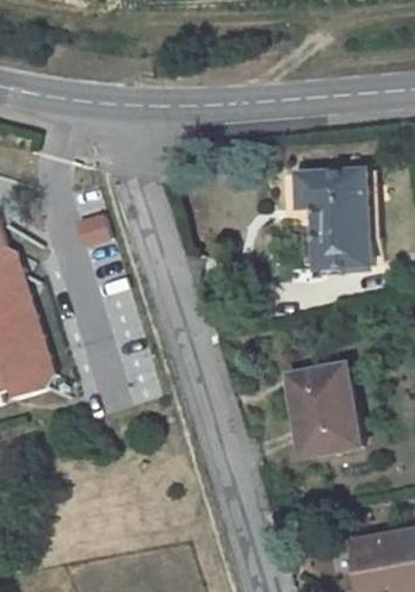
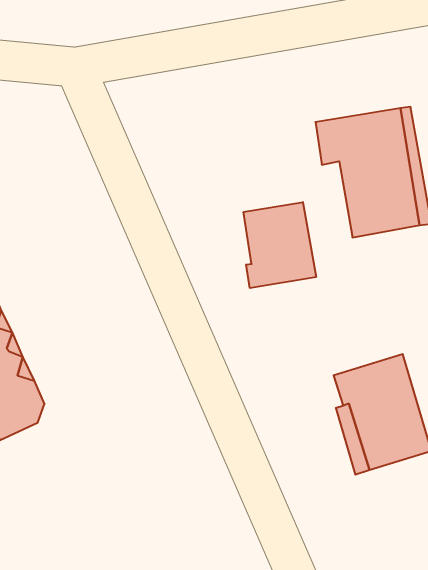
building: none -> [244,202,316,288]

